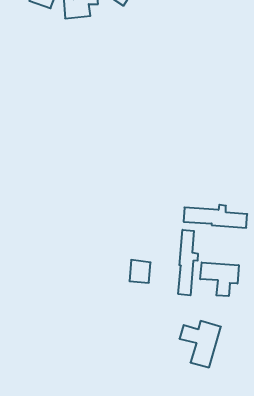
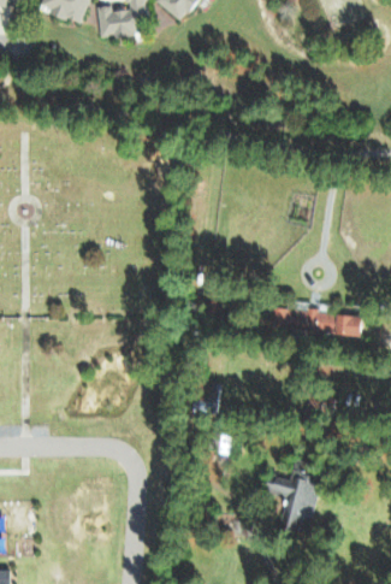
building: [178,230,198,295] -> none
building: [200,262,239,296] -> none

